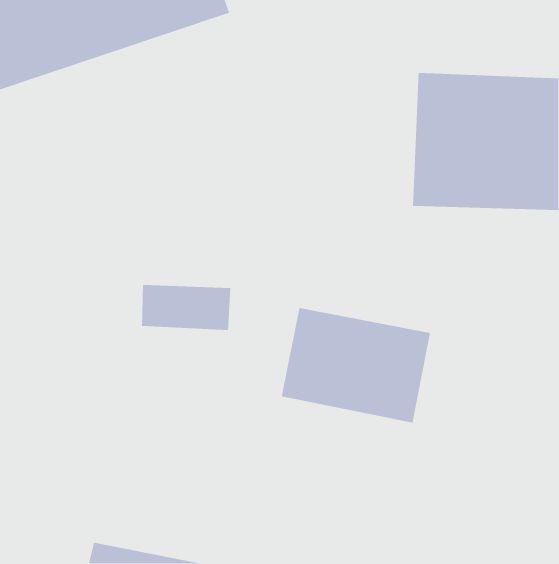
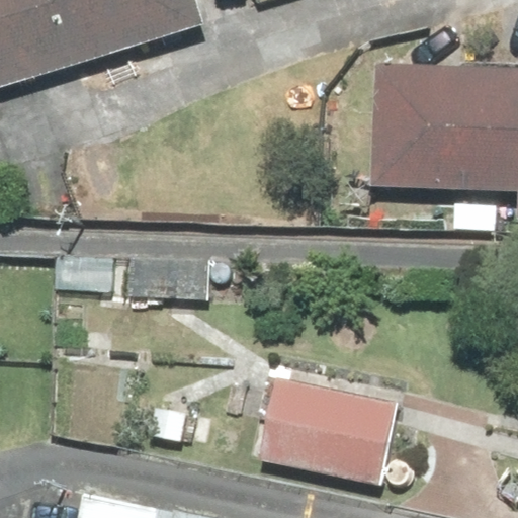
building: [281,307,431,424] -> [260,377,397,484]

